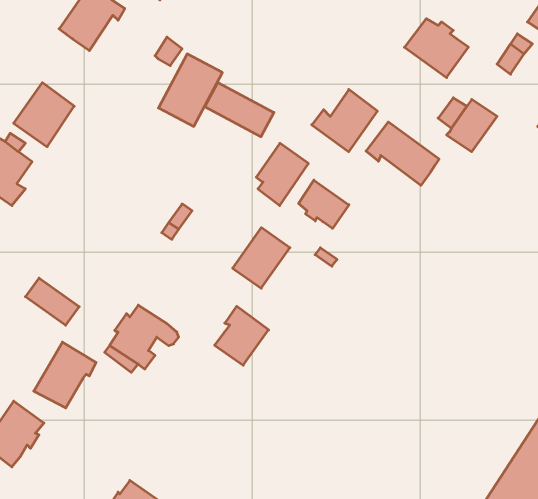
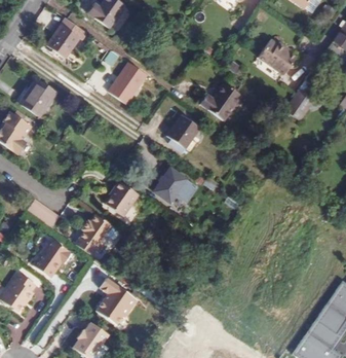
building: [205,83,274,137] -> none
building: [366,122,439,185] -> none
building: [299,180,349,228] -> none
building: [215,306,269,365] -> [106,180,139,216]
building: none -> [97,275,140,324]

